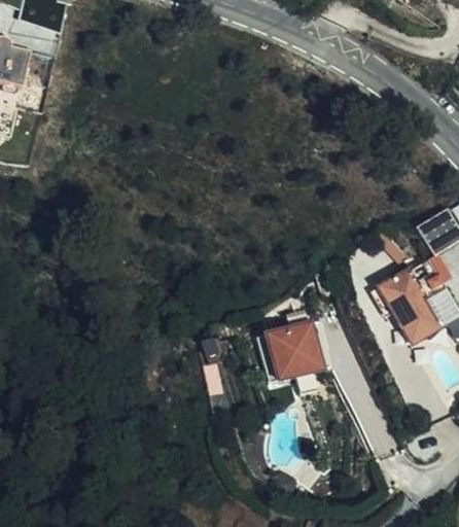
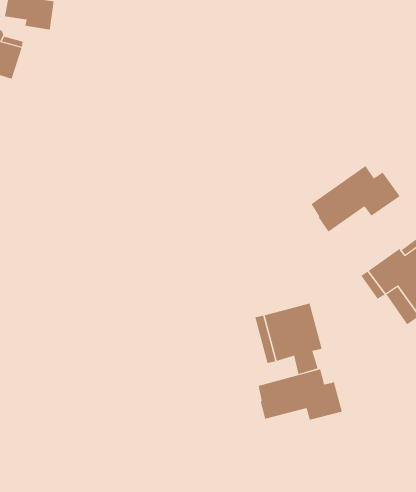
building: none -> [310,165,400,232]
building: none -> [257,369,343,420]

